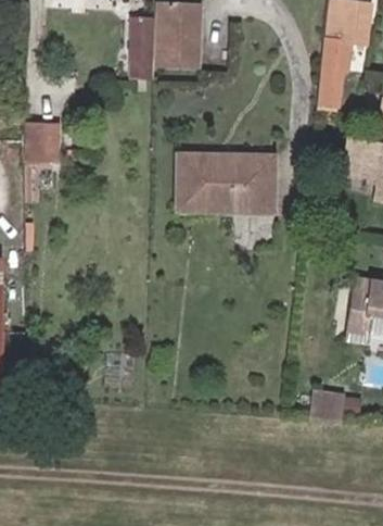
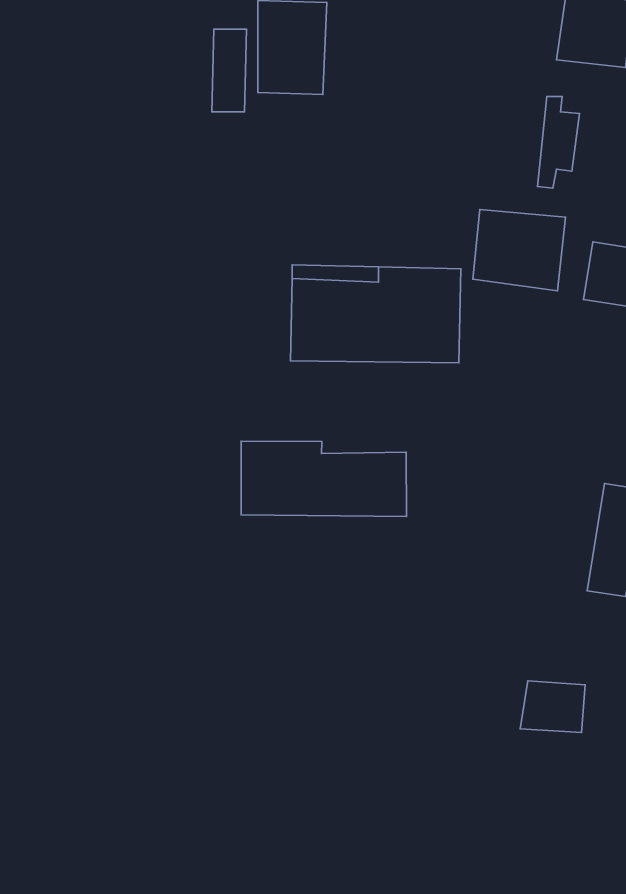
building: [26,122,58,155] -> none
building: none -> [473,209,565,291]
building: none -> [241,441,406,517]

